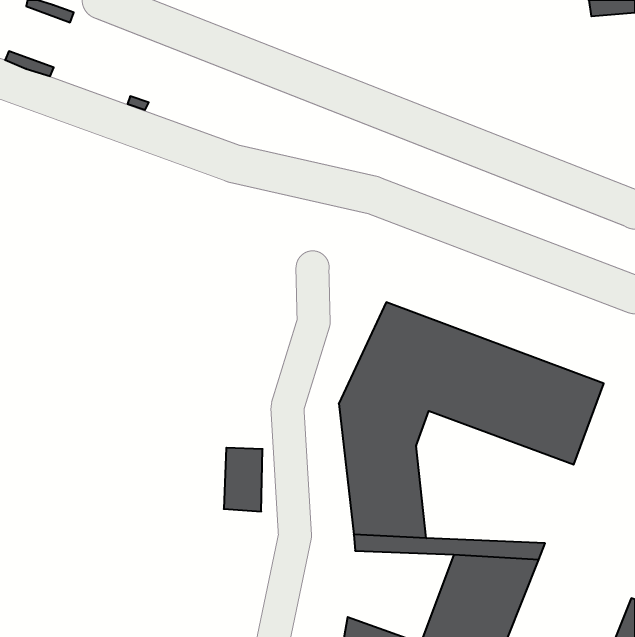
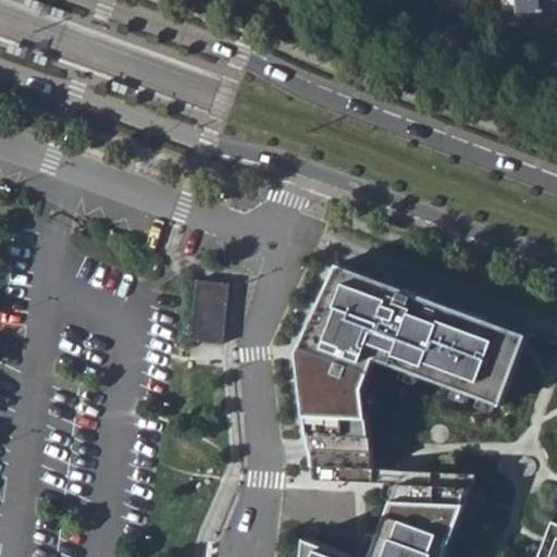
building: [224,448,263,511] -> [189,286,223,342]

